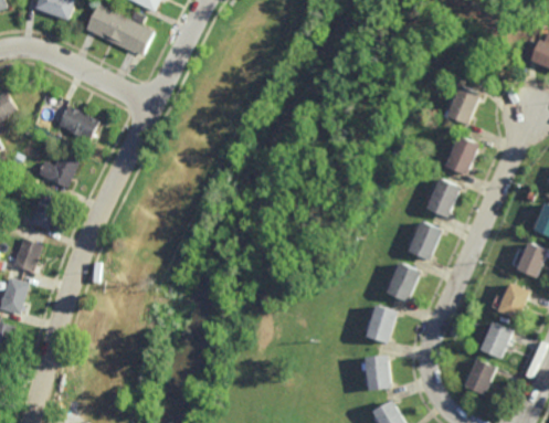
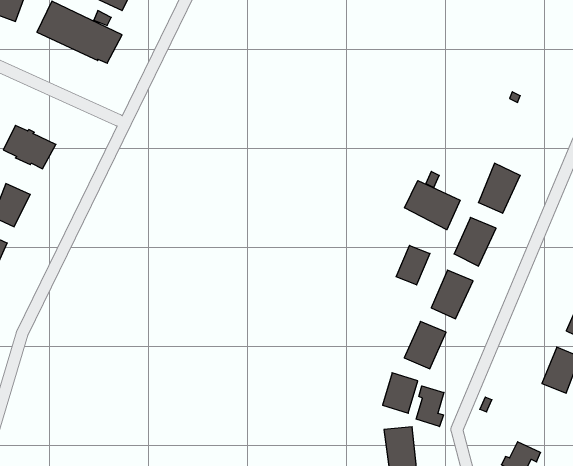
building: [445,85,481,126] -> none
building: none -> [405,181,460,230]
building: none -> [396,245,430,285]
building: none -> [416,386,444,427]
building: [474,326,511,363] -> none

